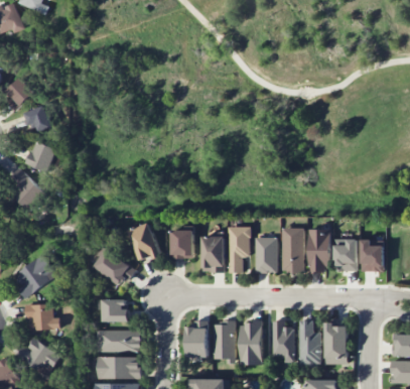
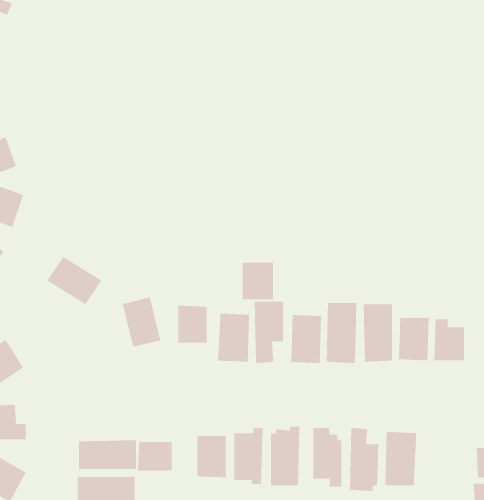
building: none -> [242,262,273,300]
building: [94,250,135,286] -> [46,256,102,305]
building: [102,299,128,321] -> [137,441,173,471]

